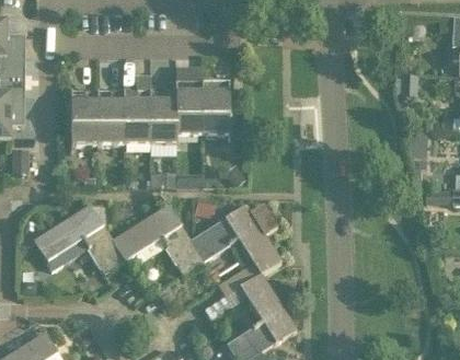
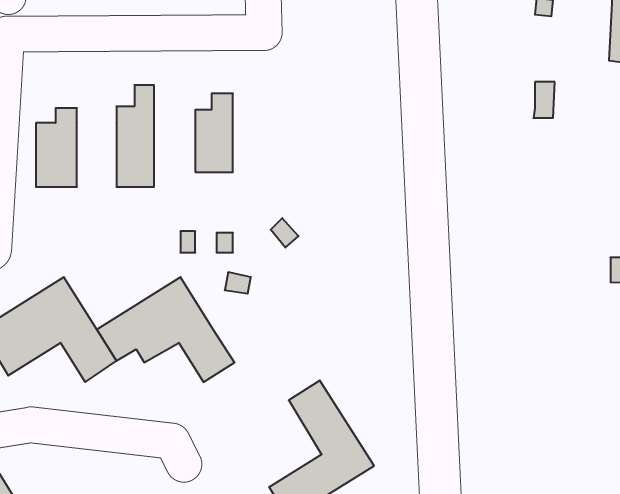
building: [202,81,229,133] -> none
building: [97,90,124,143] -> none
building: [149,90,176,143] -> none
building: [188,201,279,272] -> none

